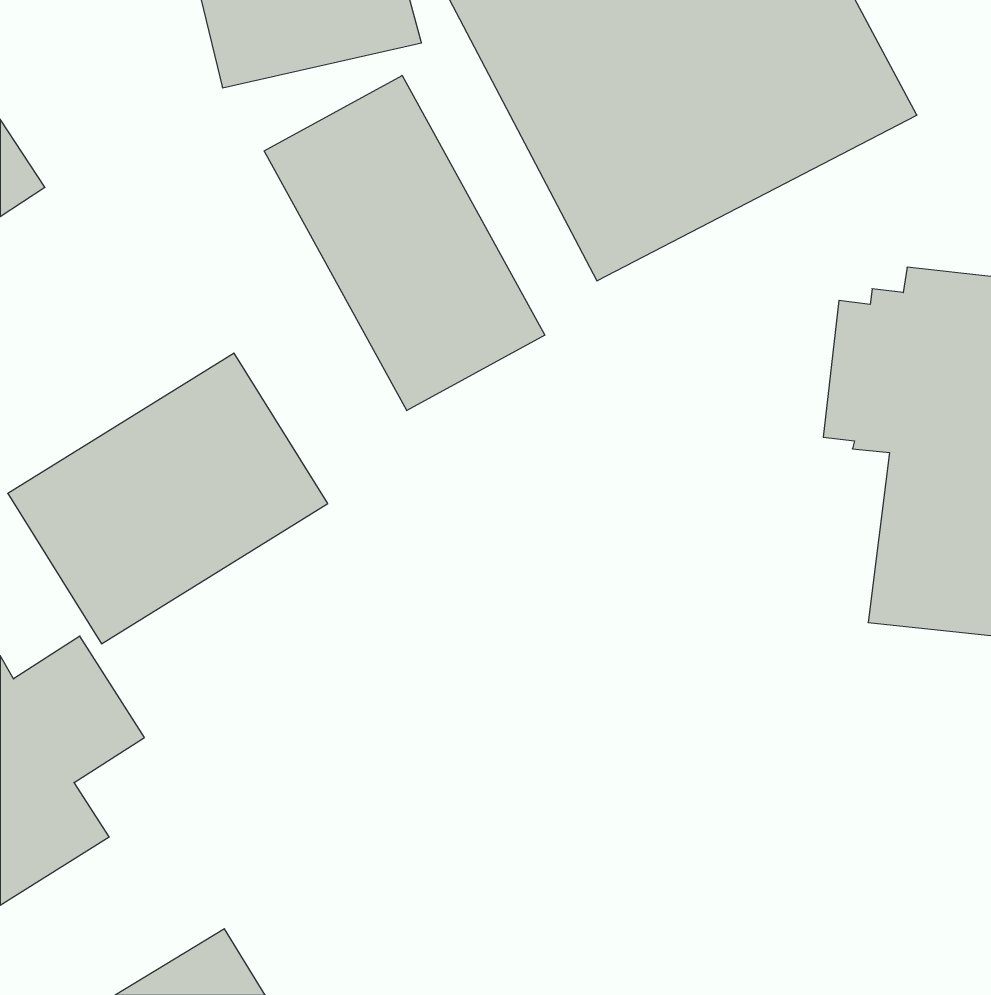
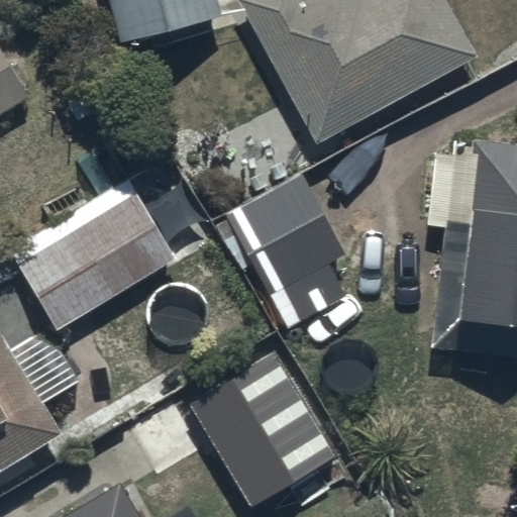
building: [264,75,545,411] -> none
building: none -> [215,173,345,296]
building: none -> [193,352,339,506]

